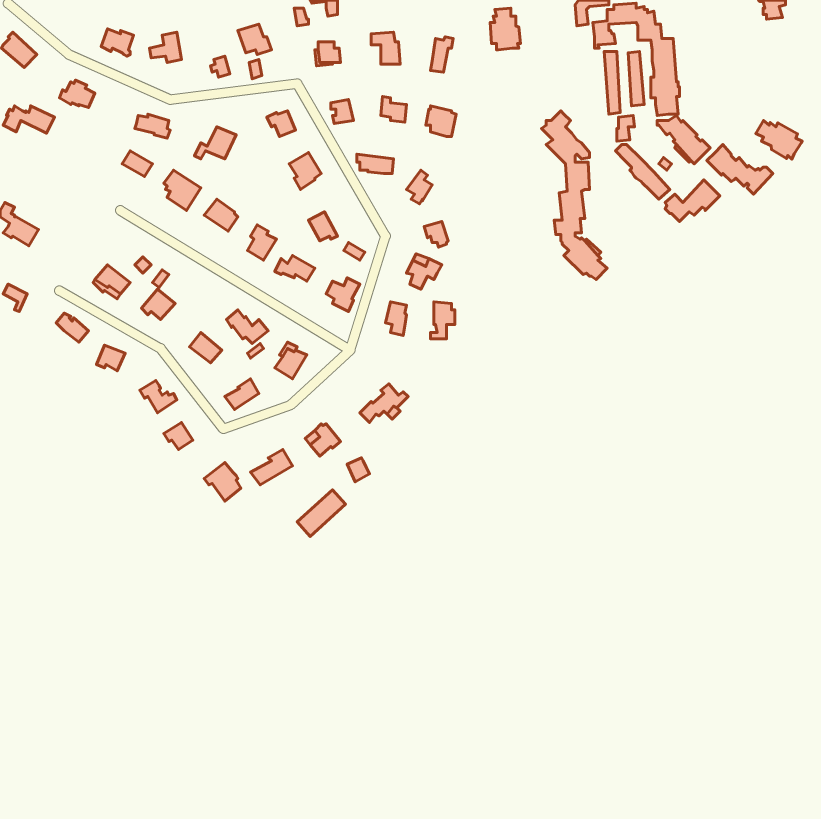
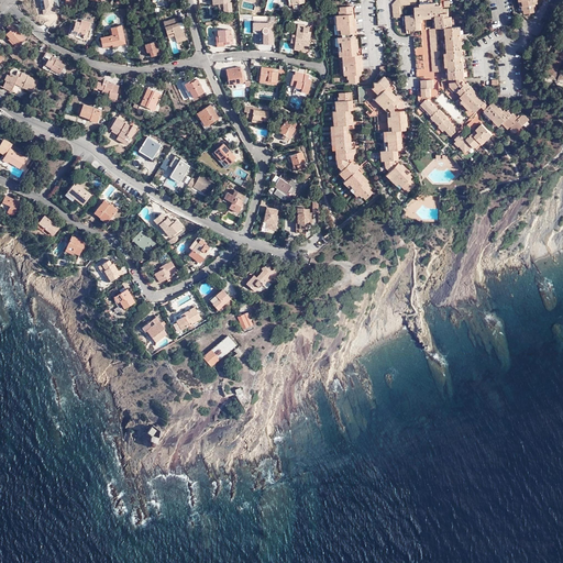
building: none -> [336,37,363,84]
building: [756,121,802,159] -> none
building: none -> [330,92,373,200]

